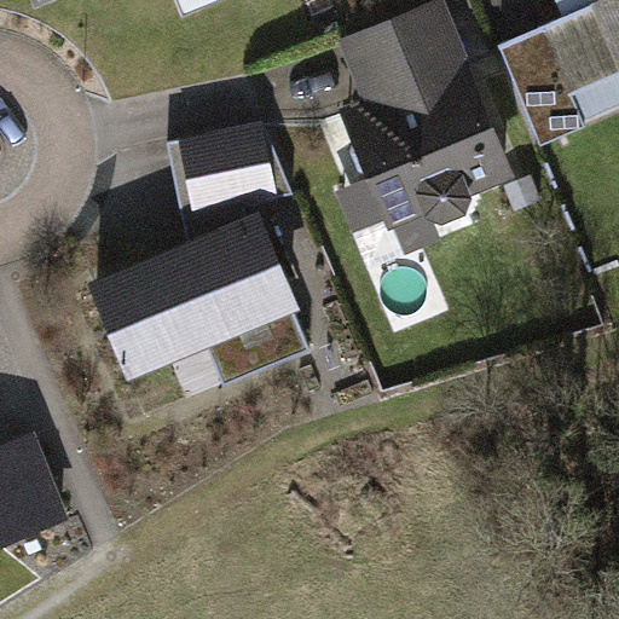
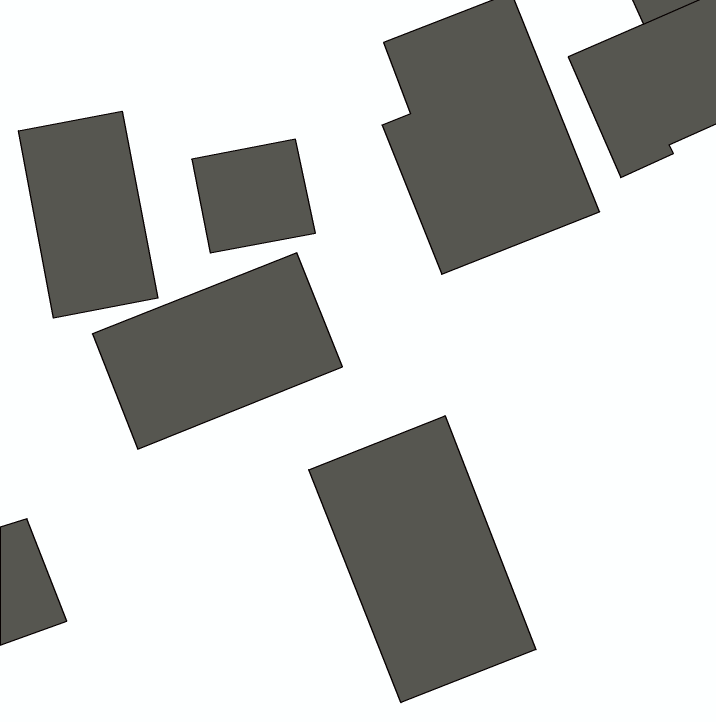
building: none -> [19,111,158,318]
building: none -> [309,416,536,703]

